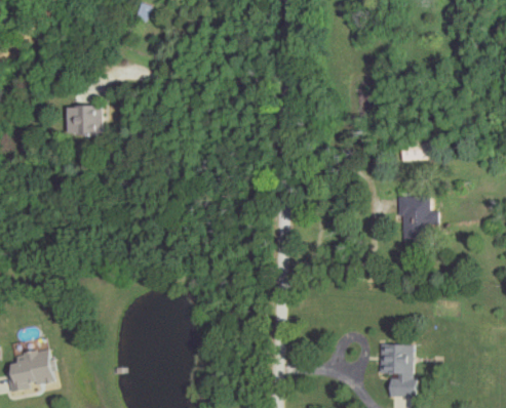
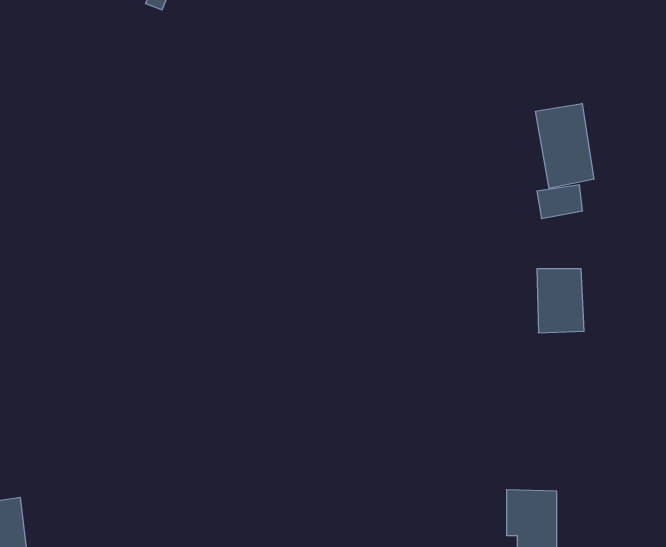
building: none -> [536,103,594,188]
building: [66,107,102,133] -> none

